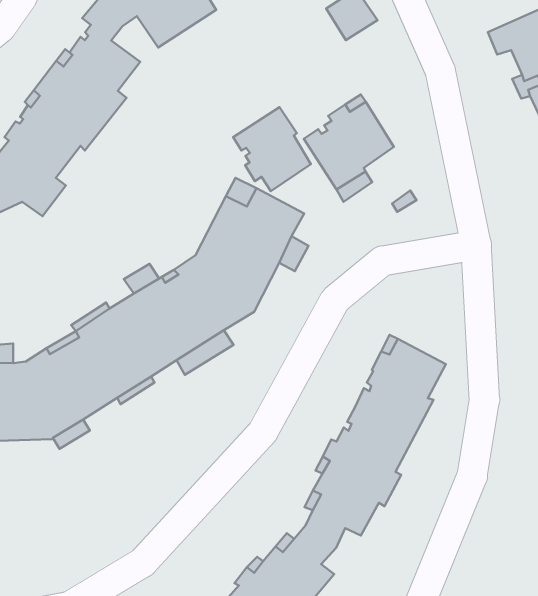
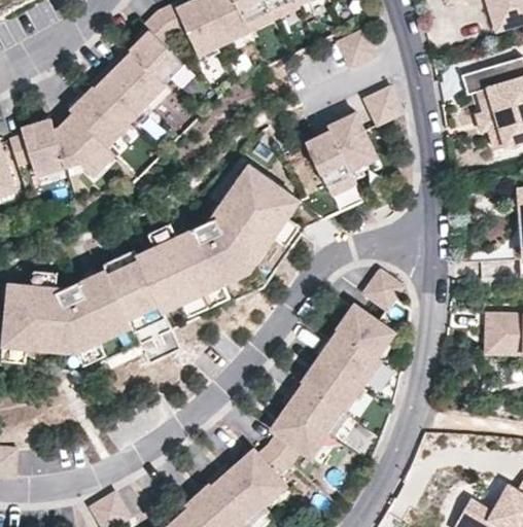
building: none -> [363,85,403,125]
building: [233,107,311,191] -> none
building: none -> [361,270,403,310]

